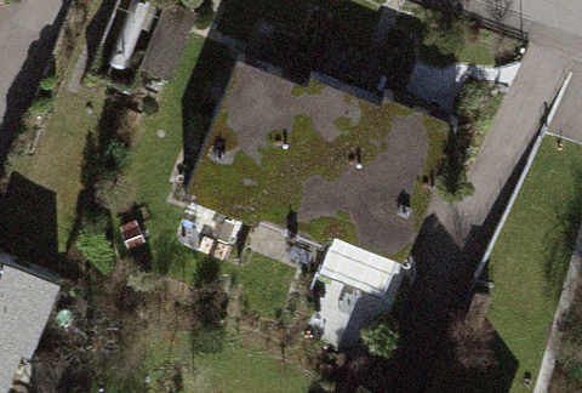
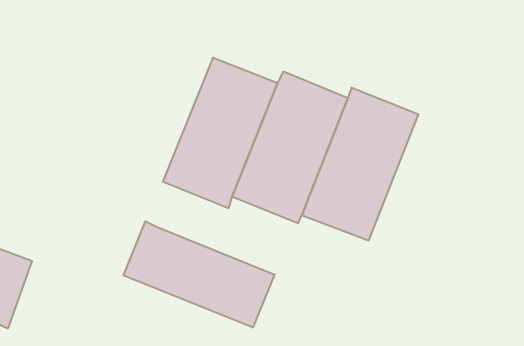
building: none -> [124,221,275,328]

